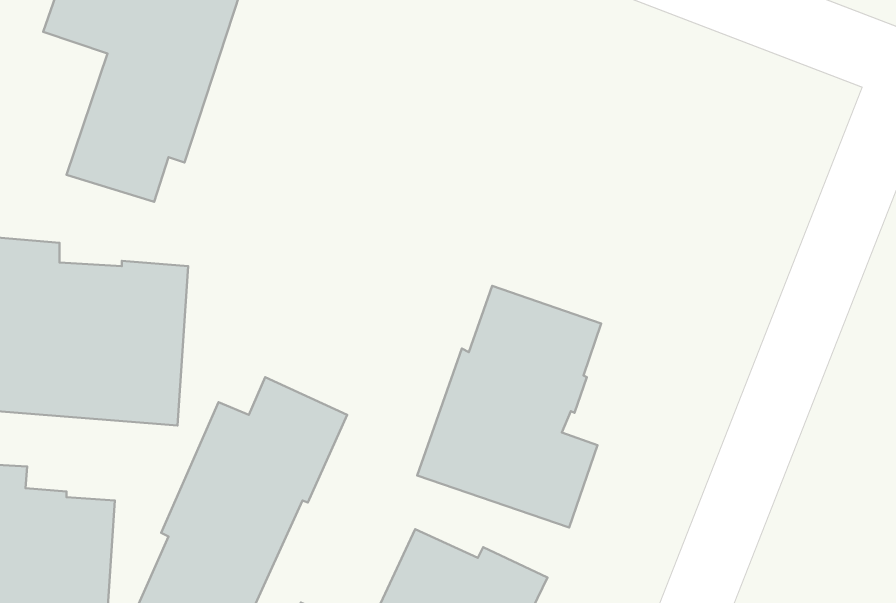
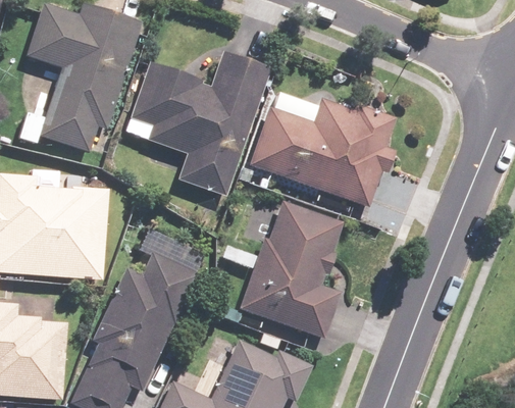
building: none -> [125,50,271,197]
building: none -> [249,92,396,207]

